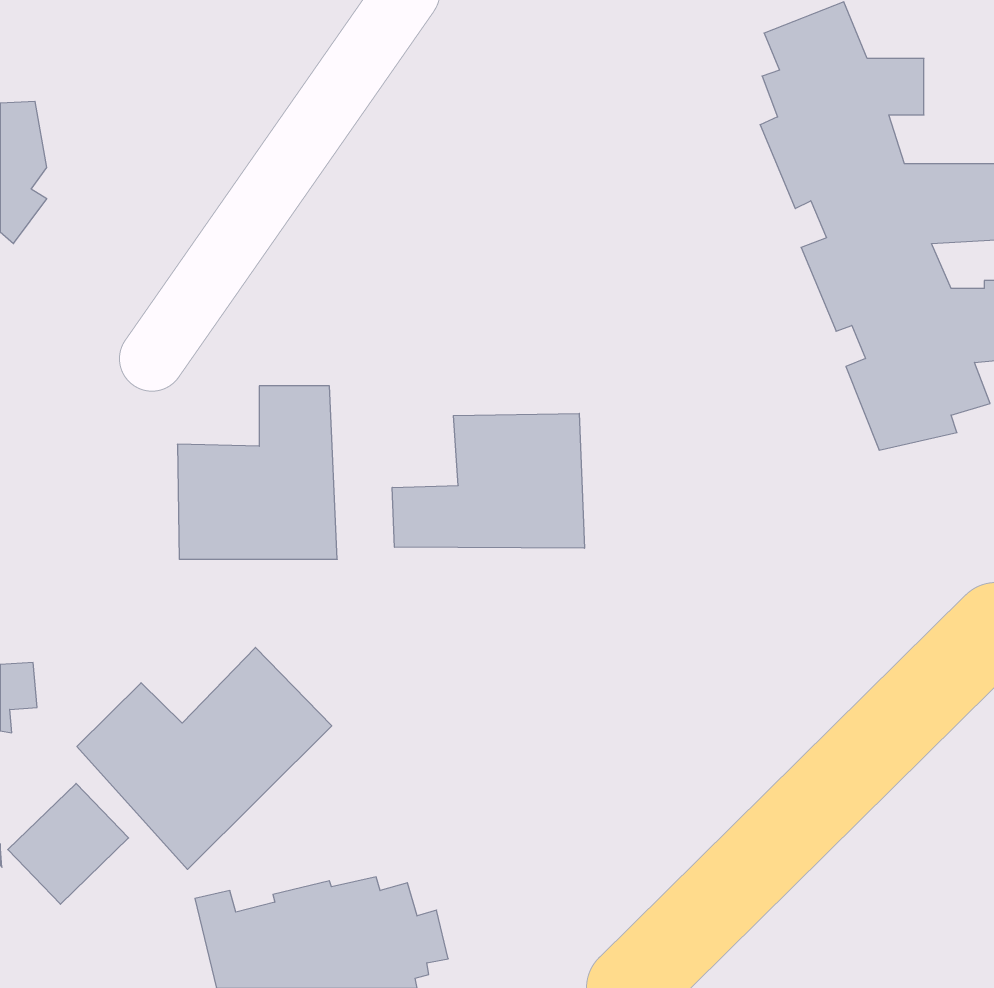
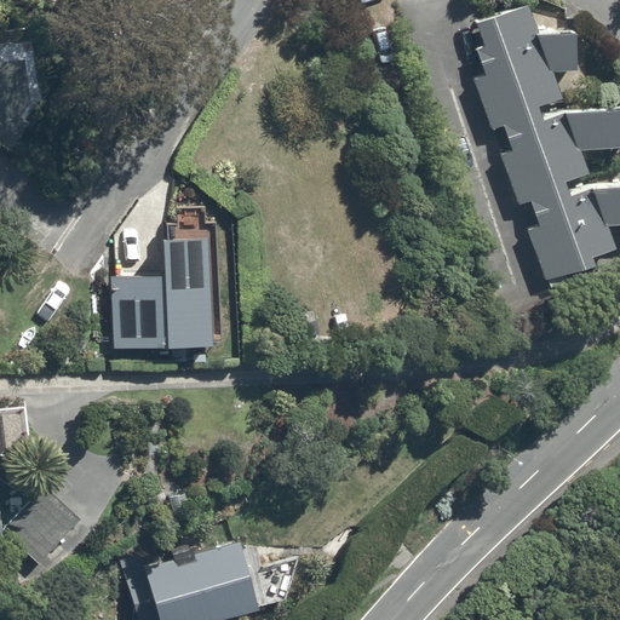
building: [392,413,584,548] -> none
building: [77,647,332,869] -> none

